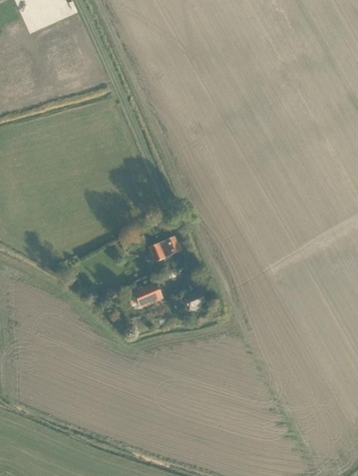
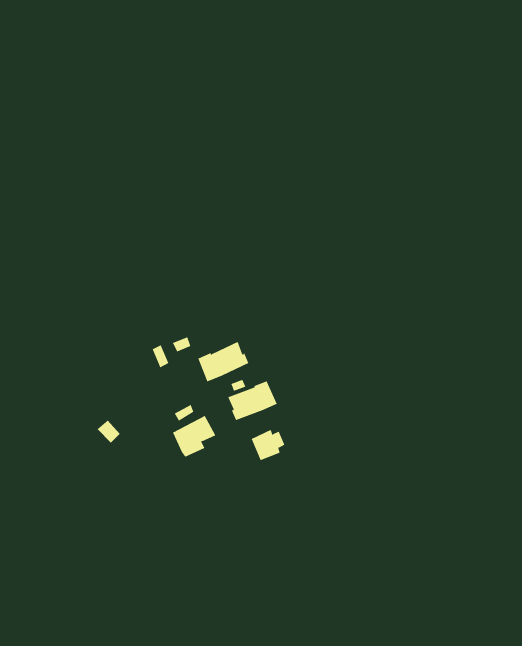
building: none -> [227,380,277,421]

